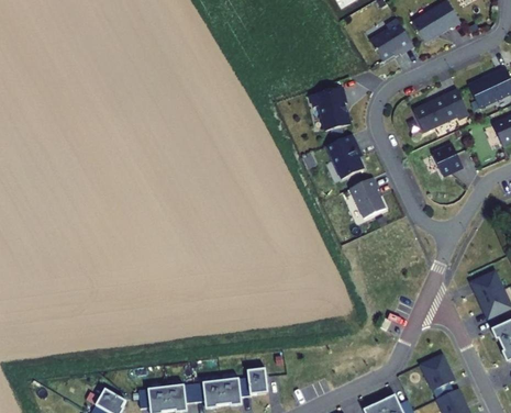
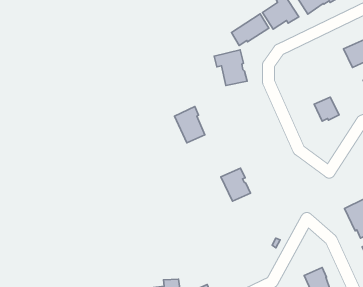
building: none -> [231,14,269,46]
building: [413,88,468,131] -> none
building: [326,133,364,178] -> [174,106,205,143]
building: [348,177,385,217] -> [221,168,250,201]

